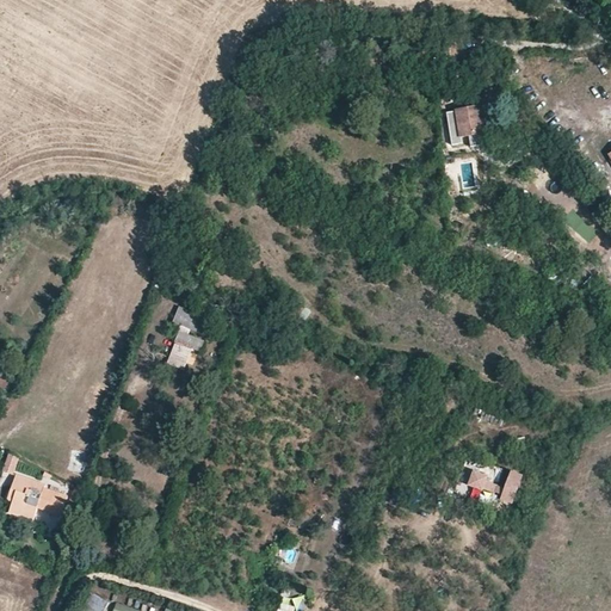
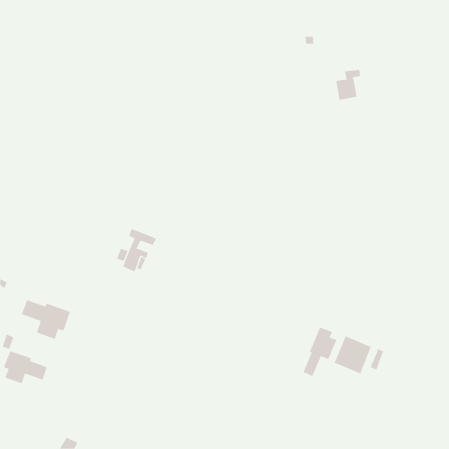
building: none -> [21,299,70,340]
building: none -> [303,327,337,377]

